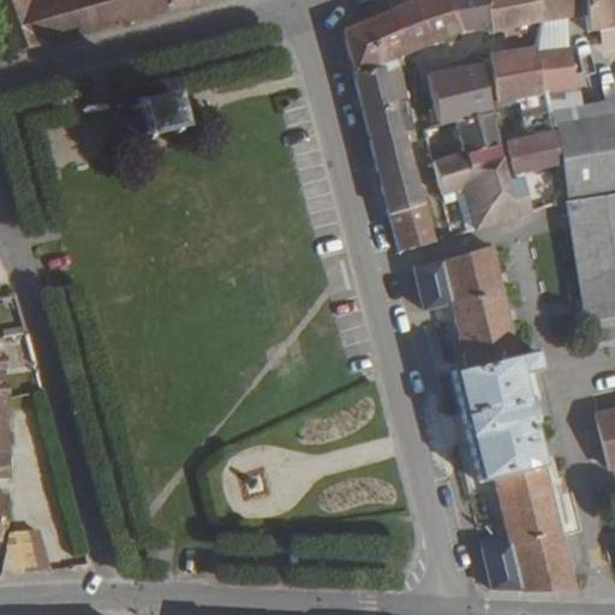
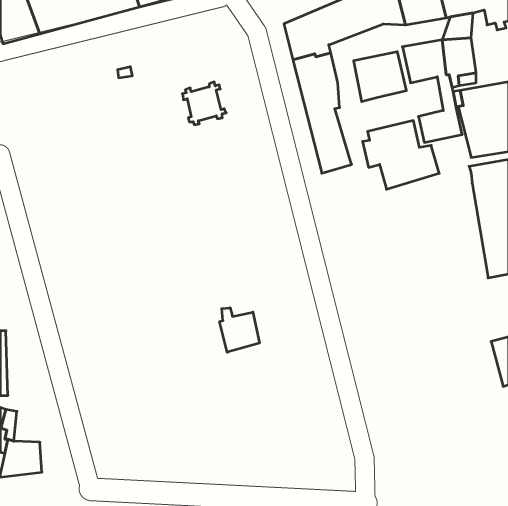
building: [132,86,185,138] -> [182,82,226,125]
building: [431,109,500,161] -> none
building: [389,198,436,249] -> none
building: [414,247,575,589] -> none
building: none -> [220,308,259,352]

